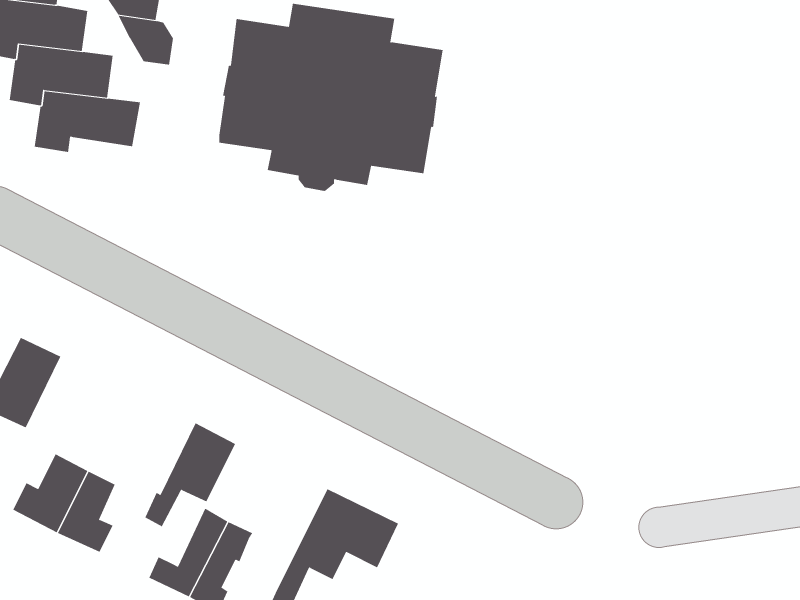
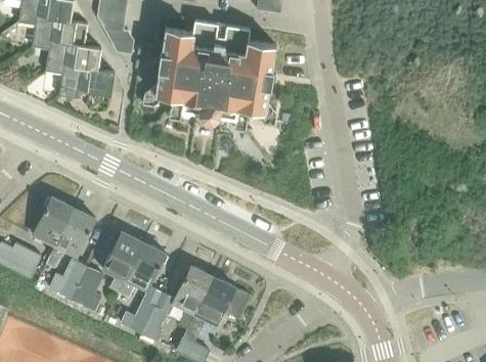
building: none -> [48,207,94,260]
building: none -> [103,231,143,291]
building: none -> [175,266,213,329]

